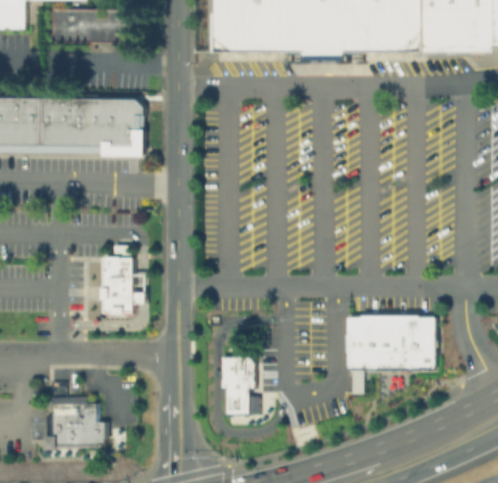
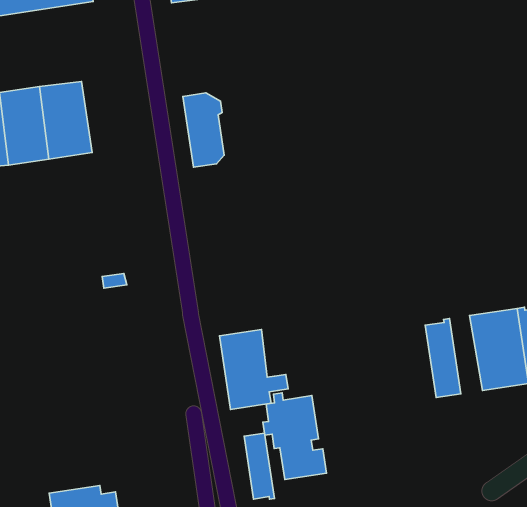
building: [120,98,147,151] -> [183,93,224,167]
building: [103,256,148,311] -> [220,329,288,409]
building: [364,313,381,370] -> none
building: none -> [244,433,274,499]

